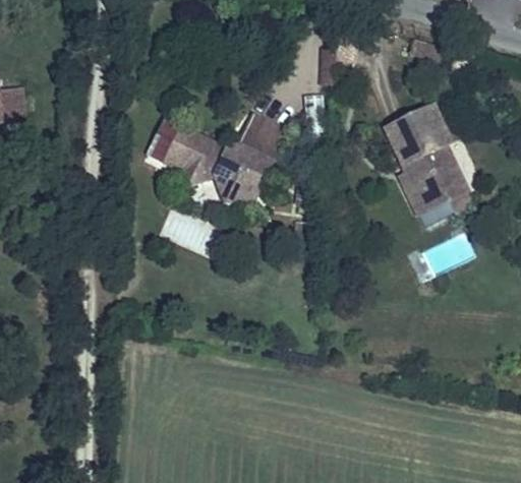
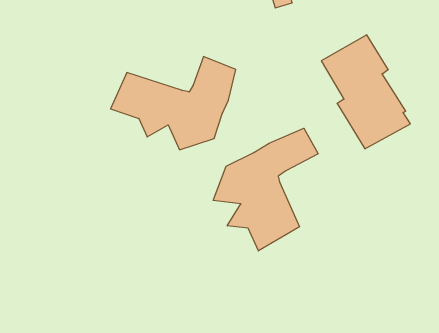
building: none -> [213,128,318,251]

